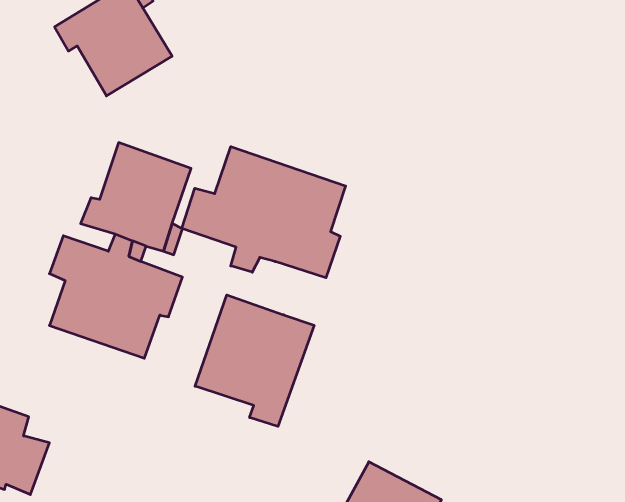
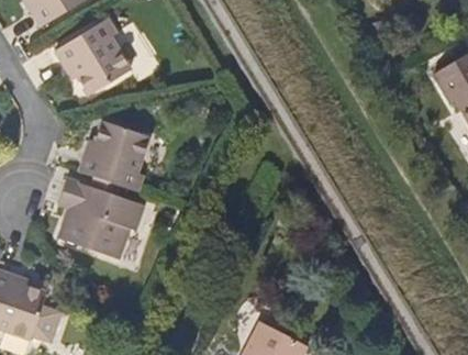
building: [182,147,346,278] -> none
building: [195,295,314,426] -> none

